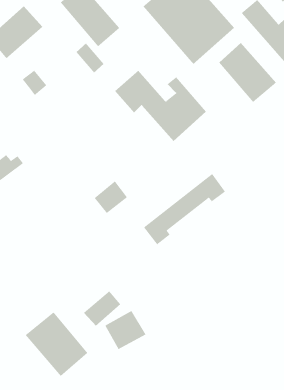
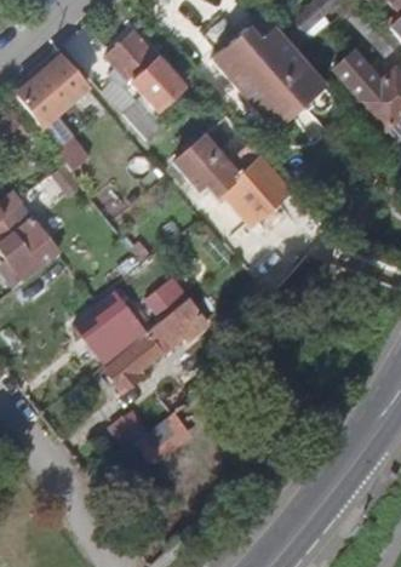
building: [218,42,277,103] -> none
building: [143,173,226,245] -> [109,300,212,390]
building: none -> [79,299,138,361]
building: [25,312,88,377] -> none

